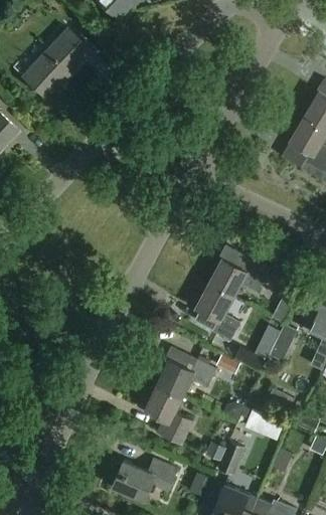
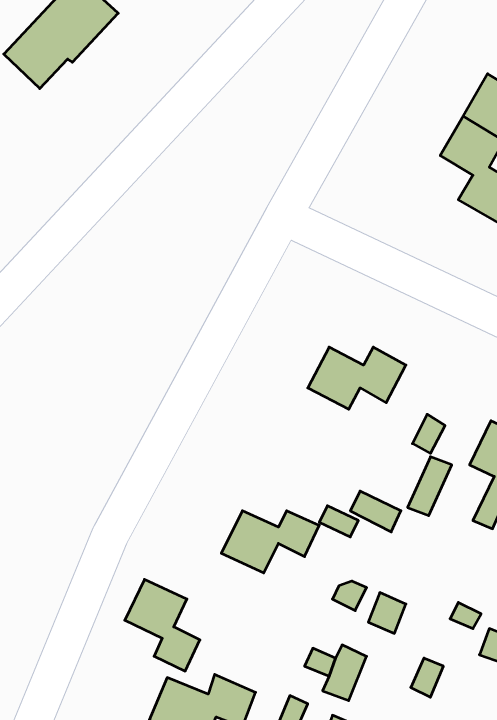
building: [193,283,239,341] -> none
building: [143,384,189,441] -> [125,579,200,671]

